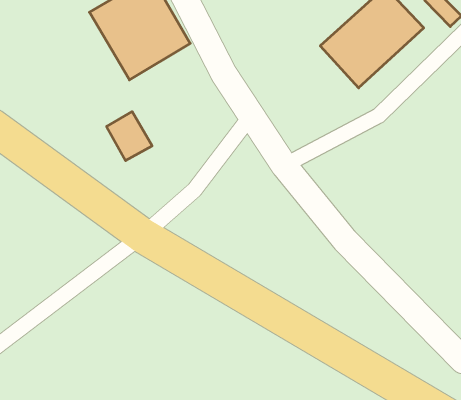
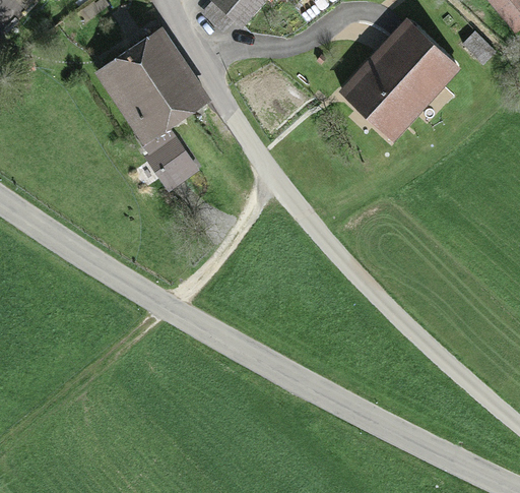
building: [107,112,152,161] -> [146,135,196,188]

